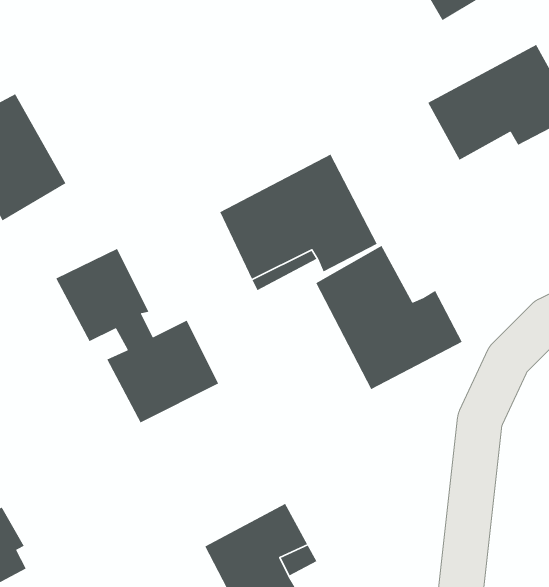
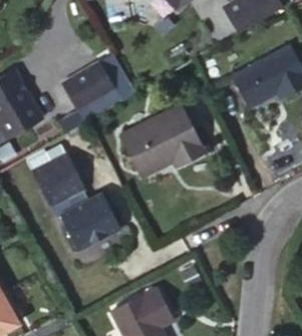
building: none -> [60,61,113,110]
building: [315,245,463,390] -> none

